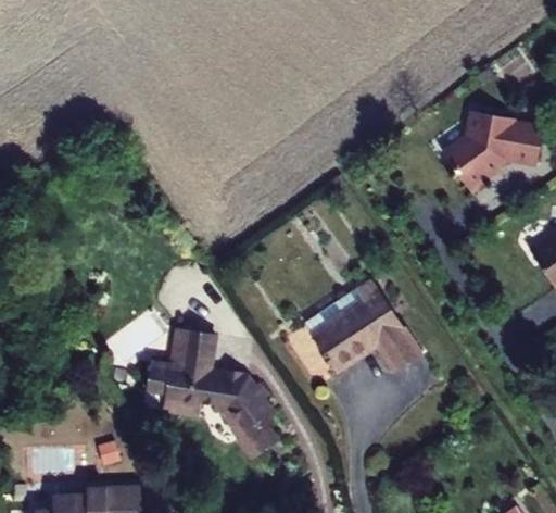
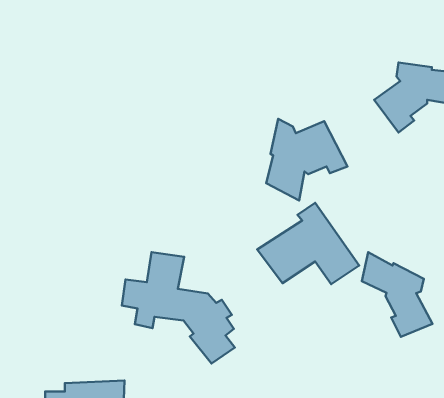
building: none -> [266,119,348,200]
building: none -> [362,252,432,337]

